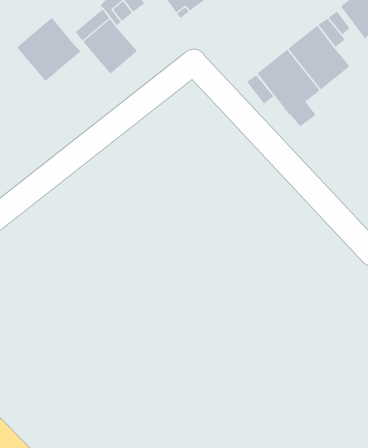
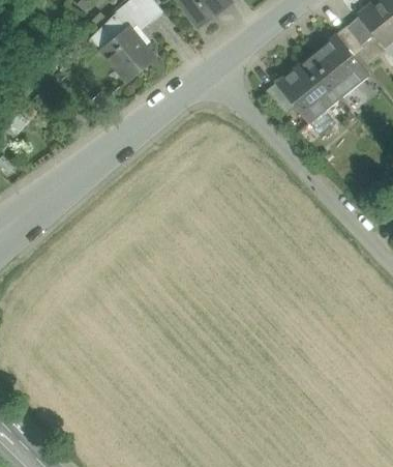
building: [16,17,81,82] -> none

